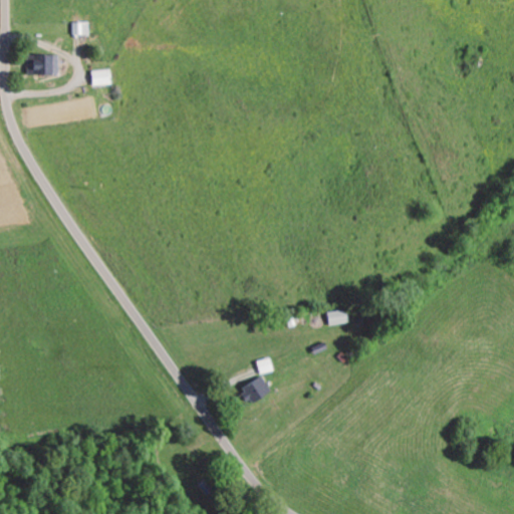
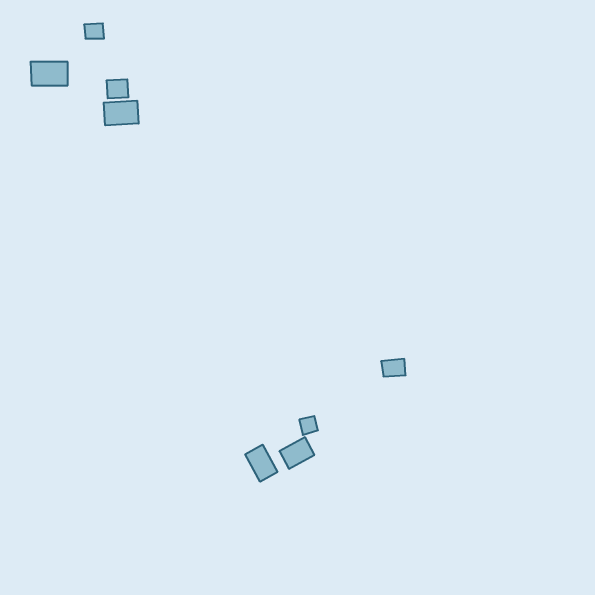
building: none -> [104,101,139,125]
building: none -> [245,445,277,482]

